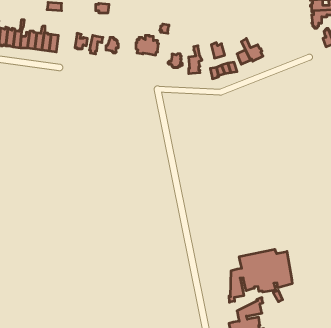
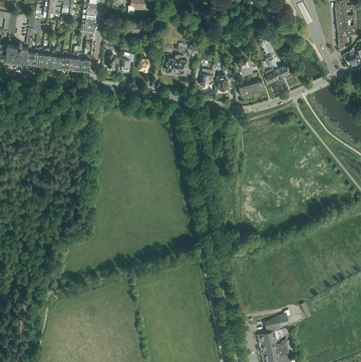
building: [229,249,292,302] -> none

